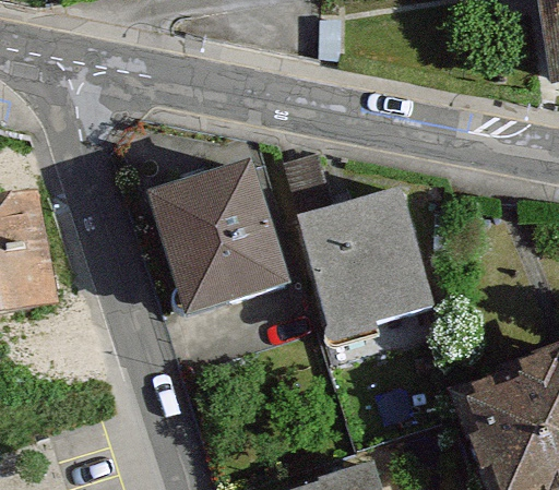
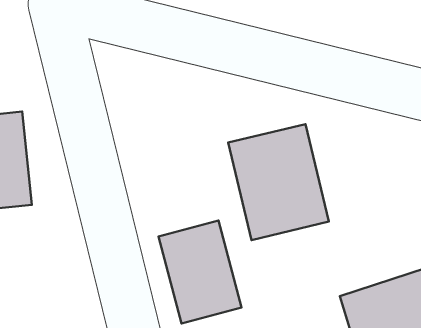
building: [147,162,289,316] -> none
building: none -> [158,221,241,324]

